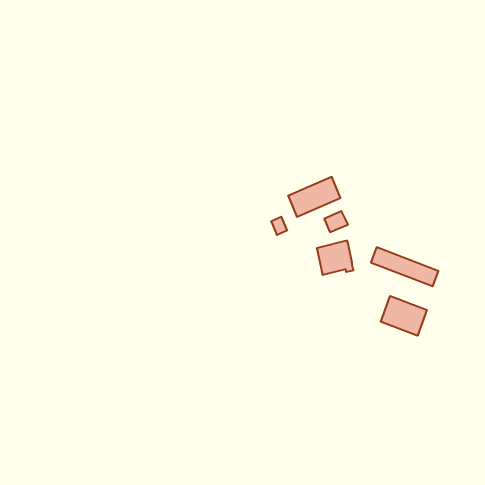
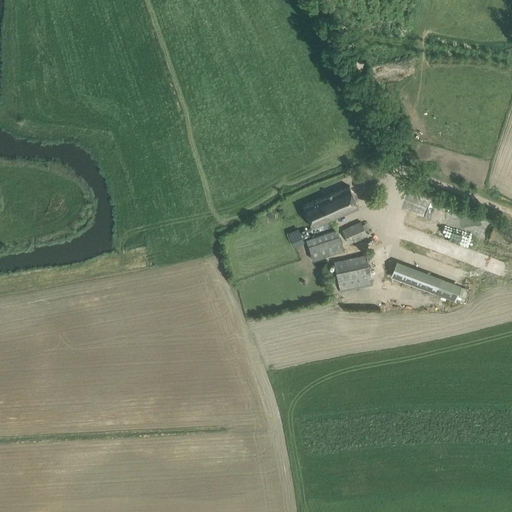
building: none -> [305,232,343,261]
building: [381,296,427,336] -> none

